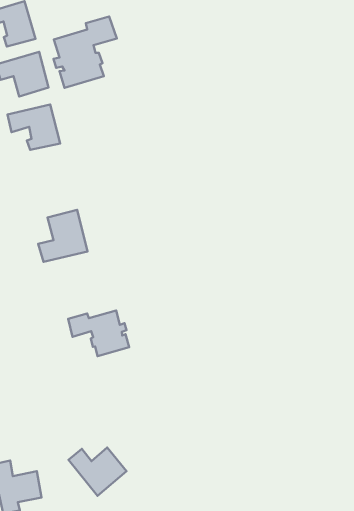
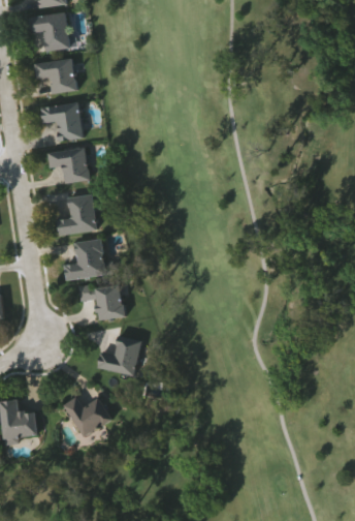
building: [54,16,117,88] -> none
building: none -> [50,146,93,182]
building: none -> [63,239,106,280]
building: none -> [98,337,142,377]

